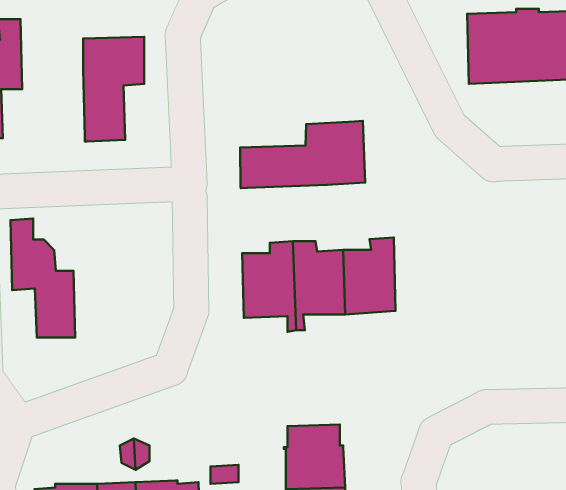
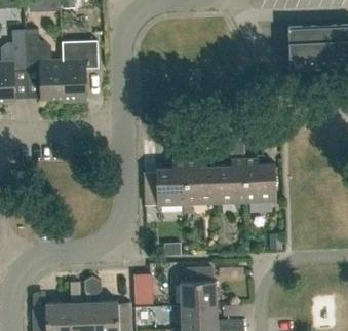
building: [240,121,365,188] -> none
building: [11,219,75,337] -> [26,30,64,100]
building: none -> [245,156,277,203]

